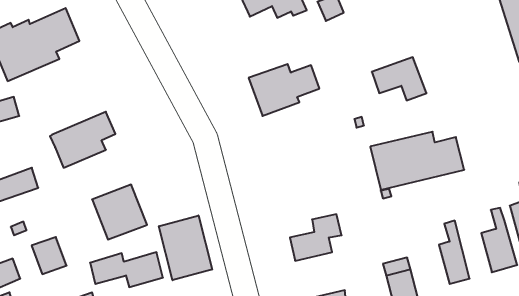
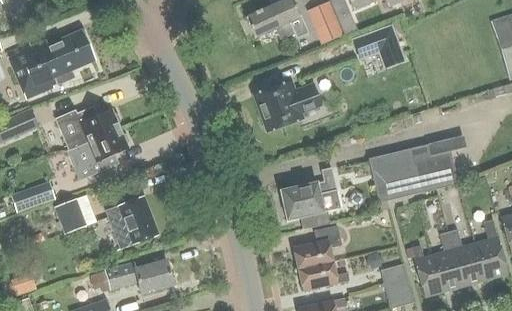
building: [372,57,427,100] -> [354,26,406,67]
building: none -> [56,107,119,148]
building: none -> [280,166,340,227]
building: [159,215,212,280] -> none
building: none -> [449,226,484,284]
building: none -> [411,242,444,294]
building: [32,237,67,274] -> [54,197,87,232]
building: none -> [298,259,349,288]

